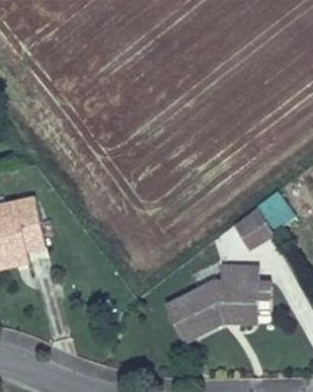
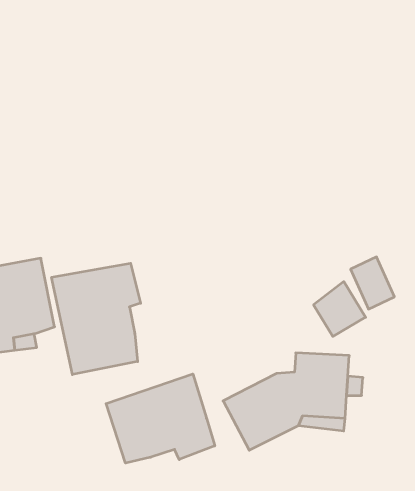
building: none -> [52,263,141,375]
building: none -> [106,374,215,463]

